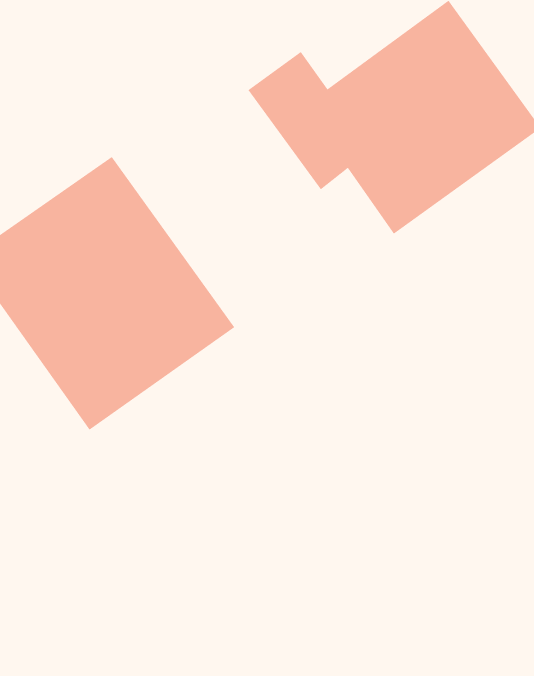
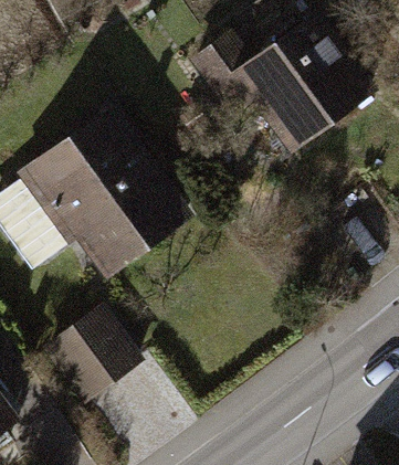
building: none -> [45,303,144,403]

